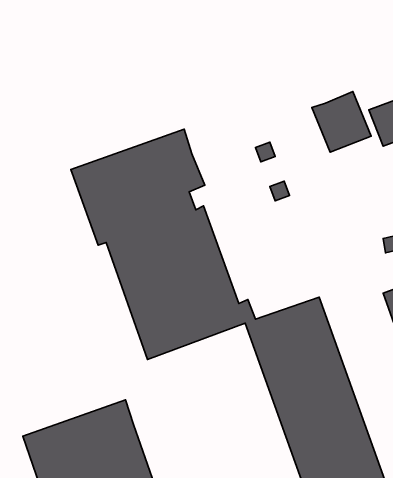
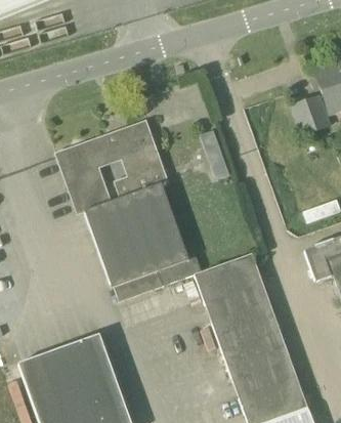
building: [312,92,371,152] -> none

